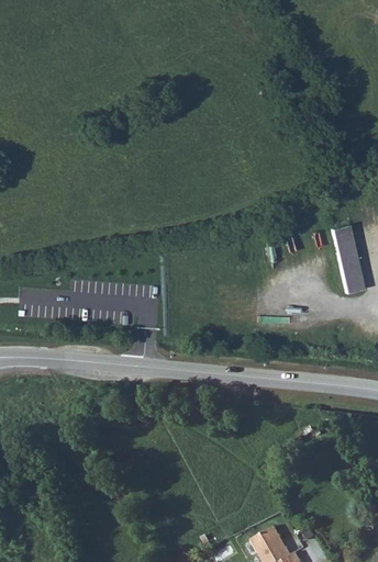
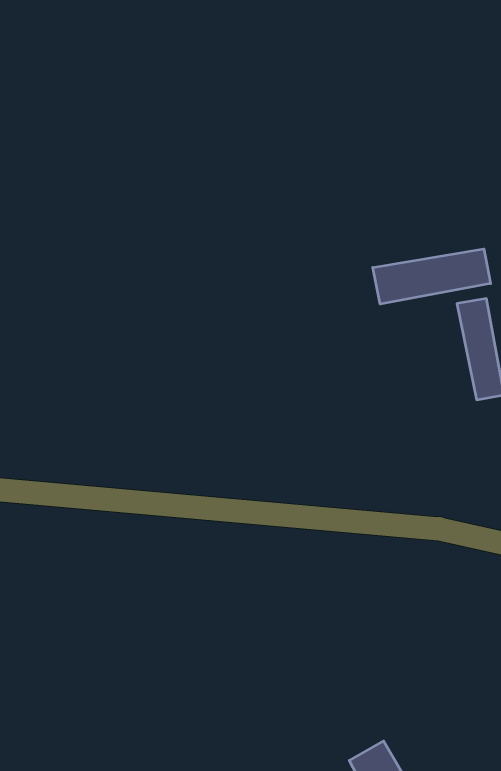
building: none -> [373,249,491,304]

